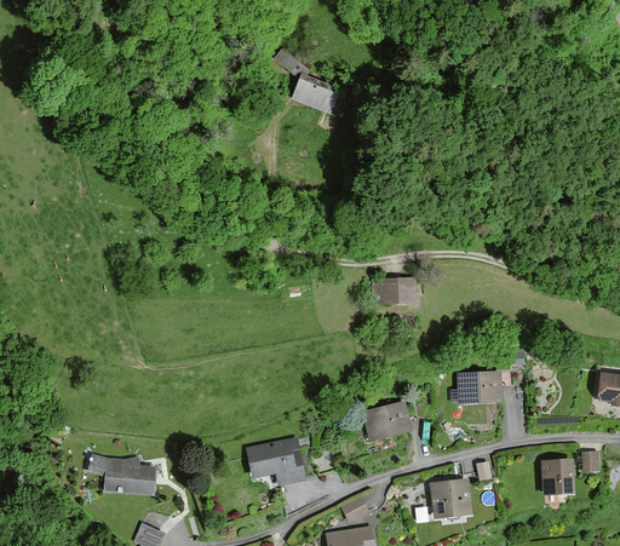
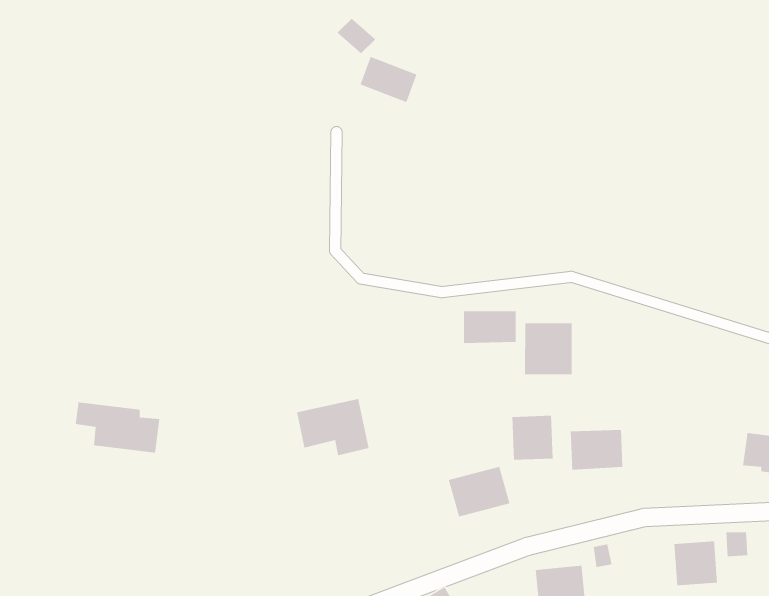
building: none -> [524,323,573,375]
building: none -> [511,415,554,461]
building: [247,438,305,484] -> [296,398,370,456]
building: [90,455,157,496] -> [75,402,160,453]

